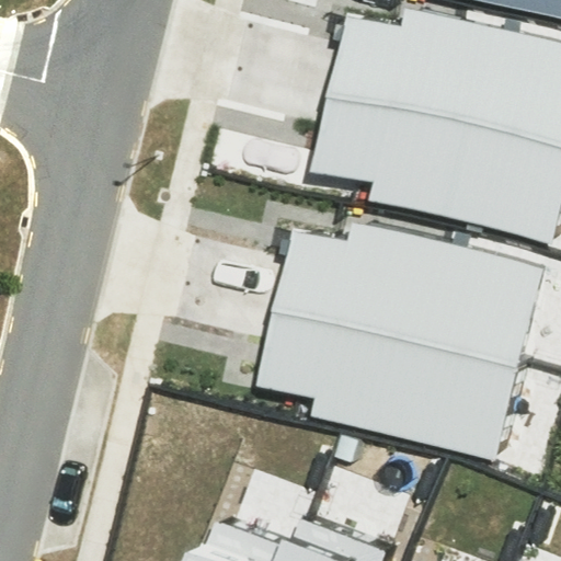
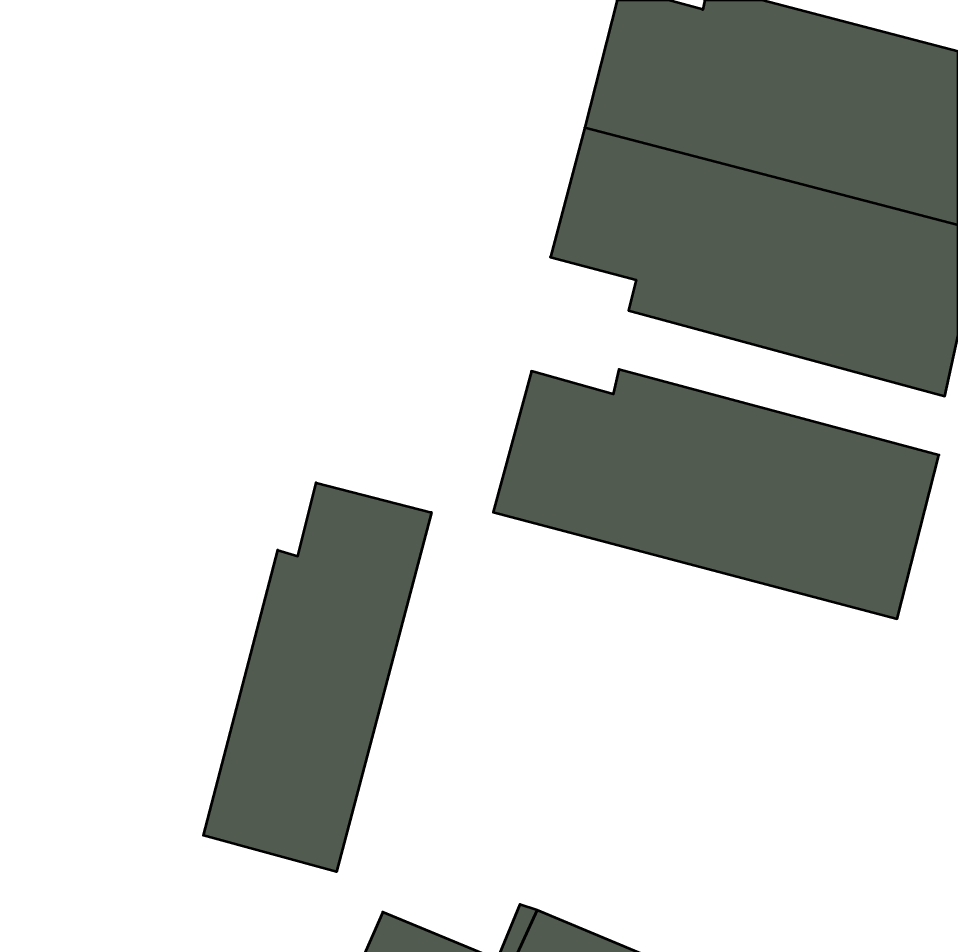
building: none -> [203,483,431,872]
building: [265,307,516,461] -> none

